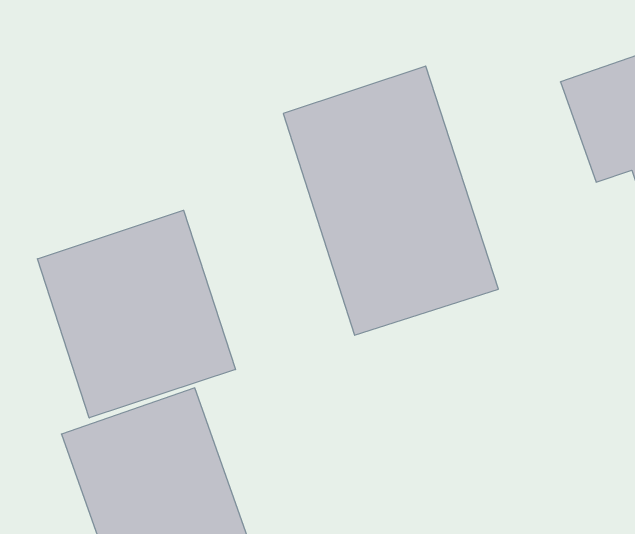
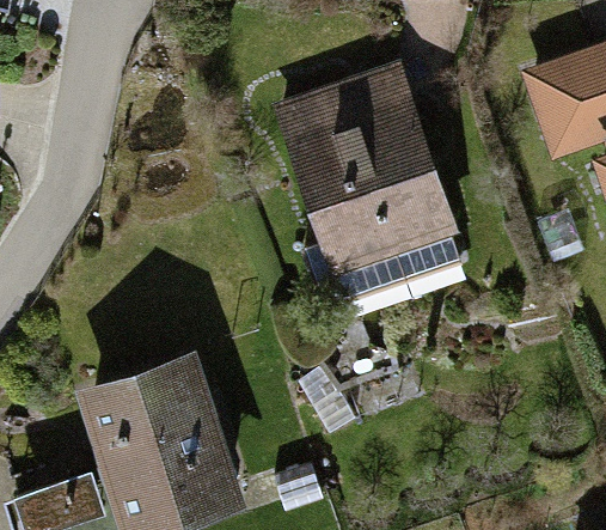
building: [37,210,235,418] -> none

